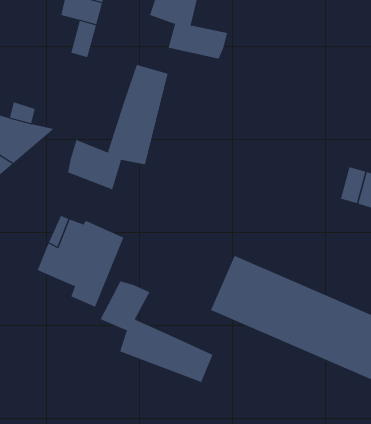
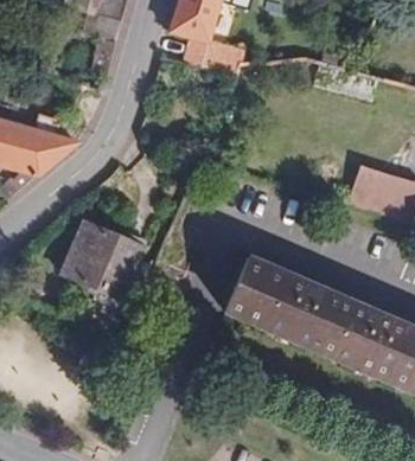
building: [68,64,168,190] -> none
building: [100,281,213,383] -> none

